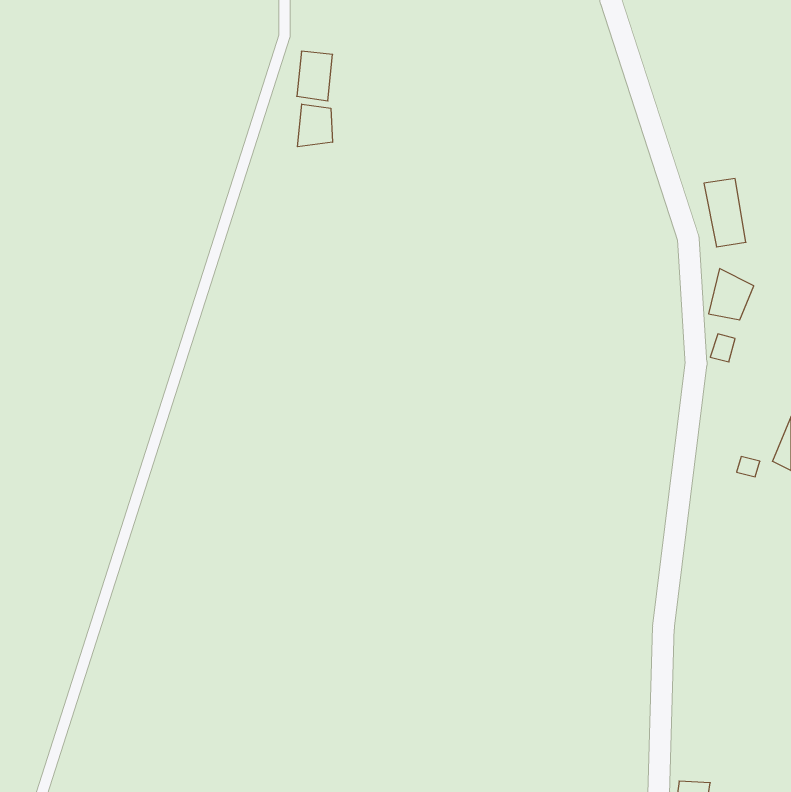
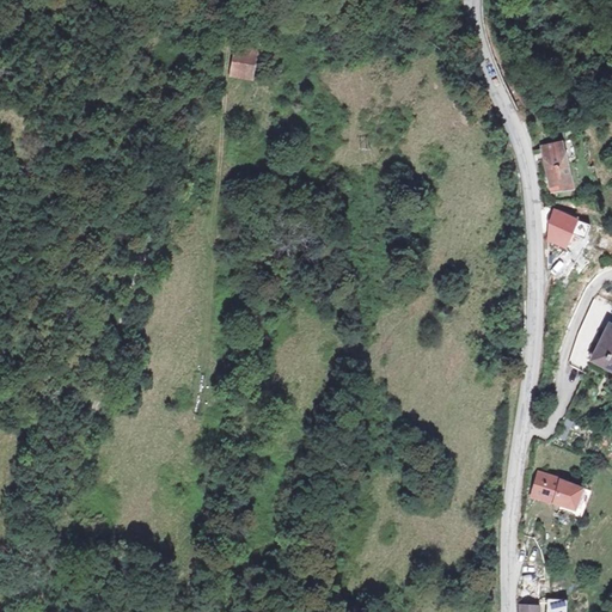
building: [297,104,333,147] -> none
building: none -> [528,475,587,514]

